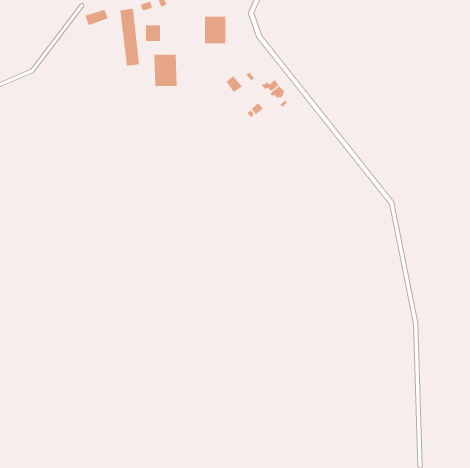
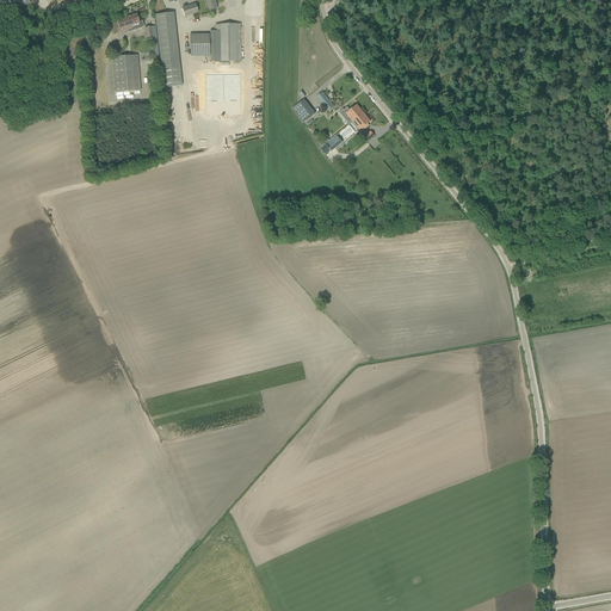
building: [204,16,226,44] -> [215,21,243,57]
building: none -> [115,53,138,92]

